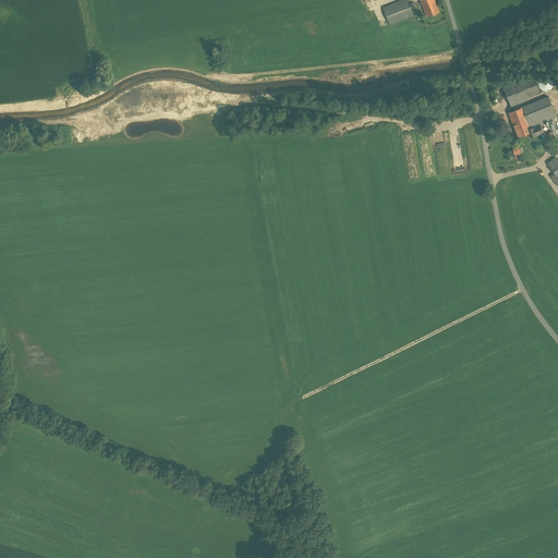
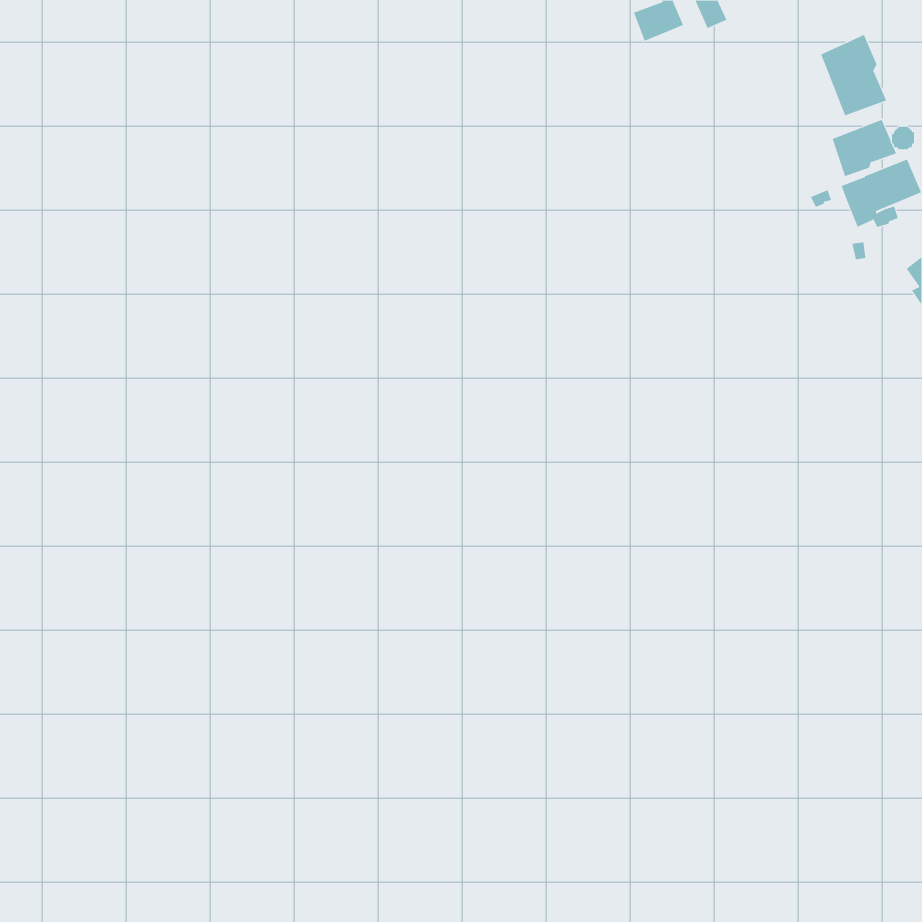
building: none -> [820,34,887,116]

